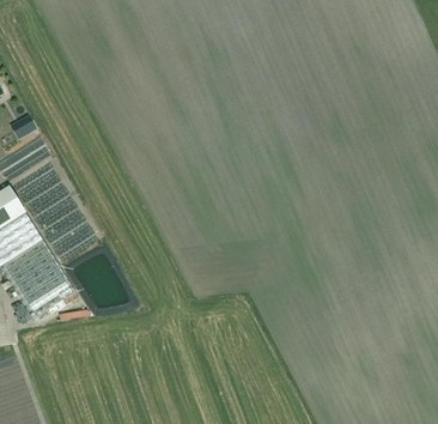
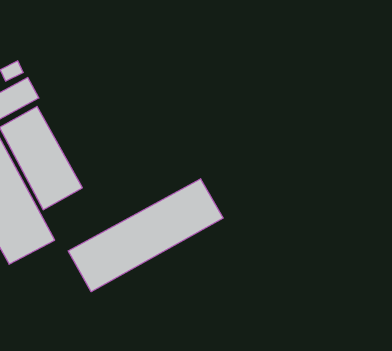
building: none -> [68,179,223,292]

